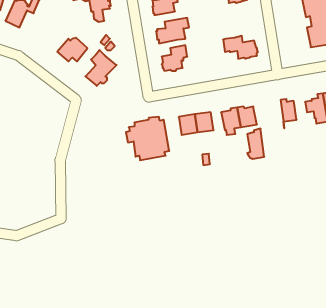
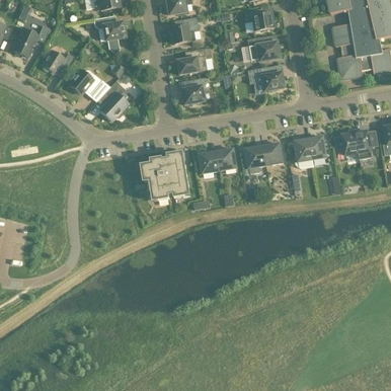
building: none -> [246,35,278,60]
building: none -> [42,49,73,73]
building: [247,129,264,159] -> [294,135,312,167]

